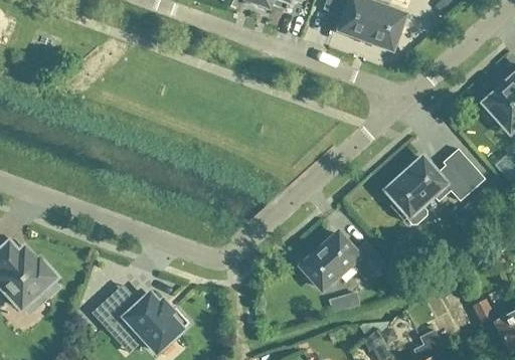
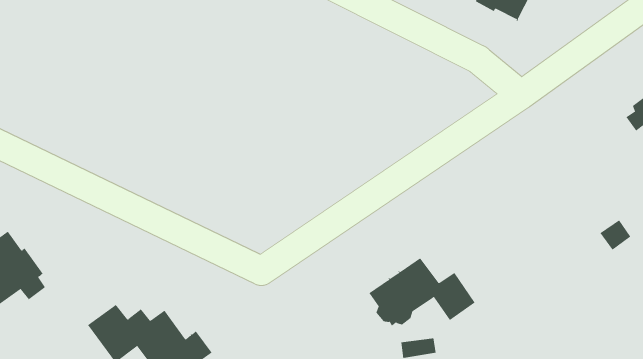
building: [387,149,485,224] -> none

